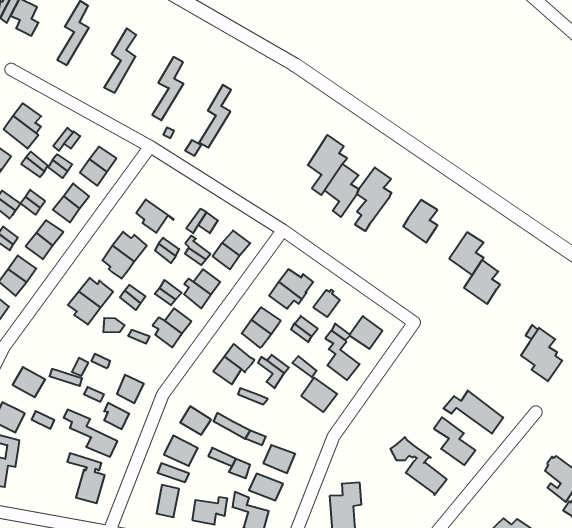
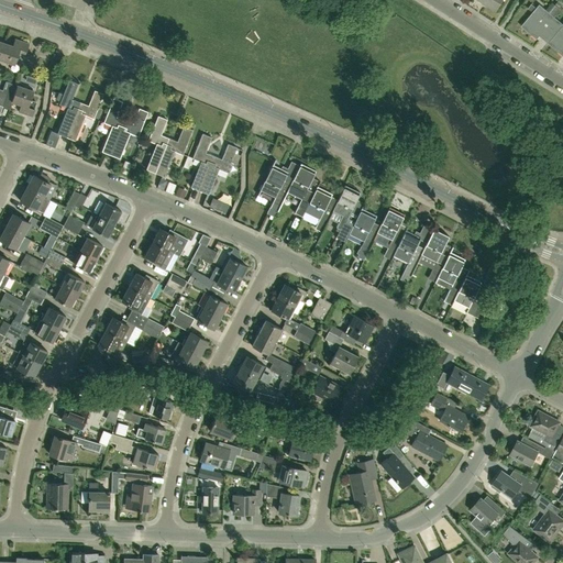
building: none -> [66,91,103,141]
building: none -> [111,109,147,159]
building: none -> [155,126,192,177]
building: none -> [199,145,236,195]
building: none -> [261,162,299,206]
building: none -> [152,229,185,256]
building: none -> [349,209,380,245]
building: none -> [394,225,433,267]
building: [521,328,562,381] -> [454,275,490,320]
building: none -> [81,483,109,511]
building: none -> [380,443,413,488]
building: none -> [510,441,545,465]

